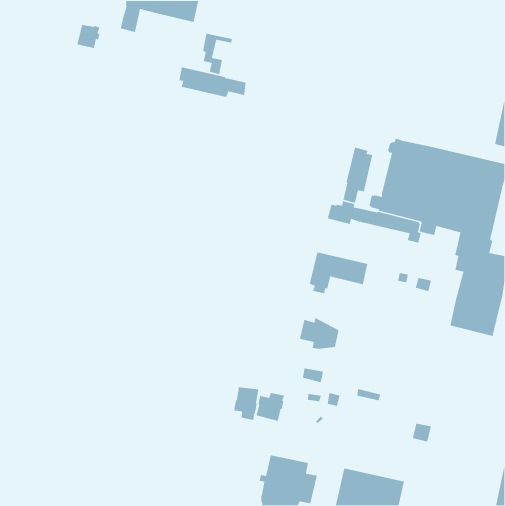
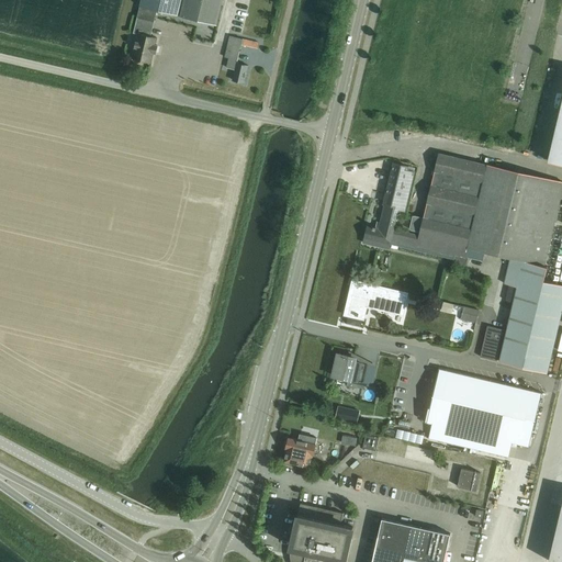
building: [77,24,100,49] -> [131,35,157,63]
building: [179,67,247,98] -> none
building: none -> [480,326,505,361]
building: none -> [429,374,537,456]
building: [233,386,259,421] -> none

